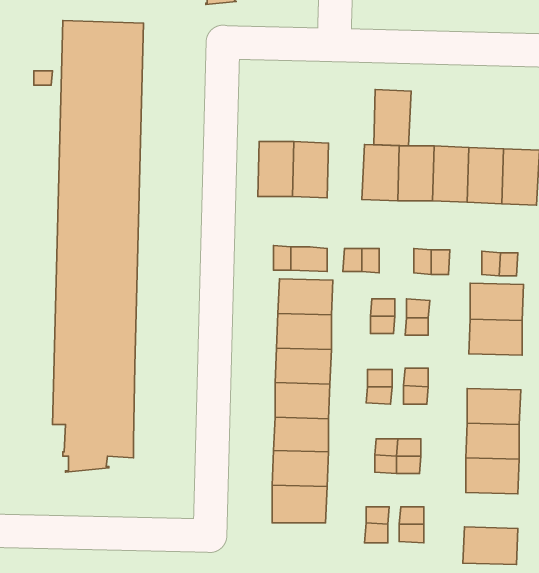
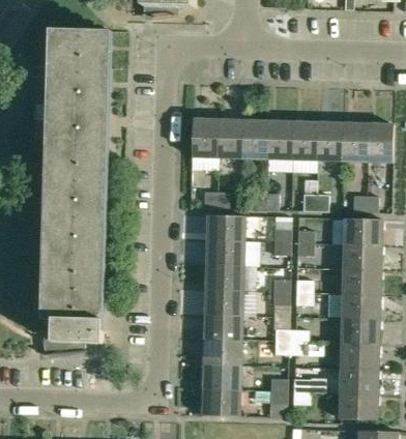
building: [374,90,411,146] -> [241,118,268,158]
building: none -> [342,269,381,295]
building: none -> [340,369,378,394]
building: none -> [201,390,240,416]

